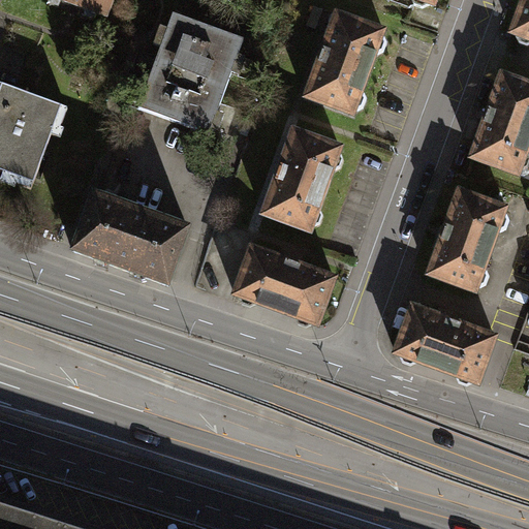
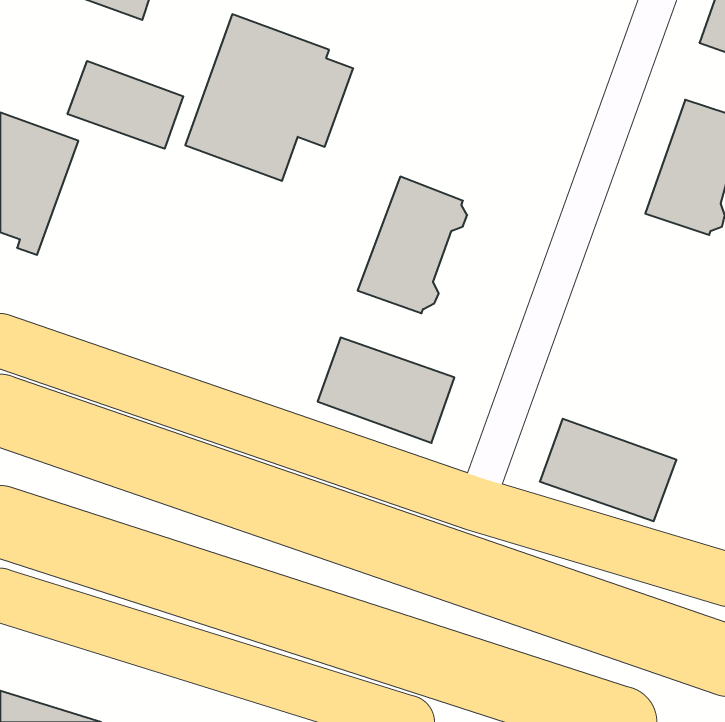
building: [303,10,384,112] -> none
building: none -> [68,61,183,149]
building: [427,188,507,289] -> none
building: [70,191,186,282] -> none

